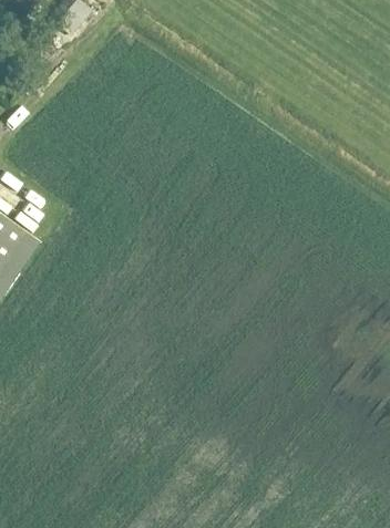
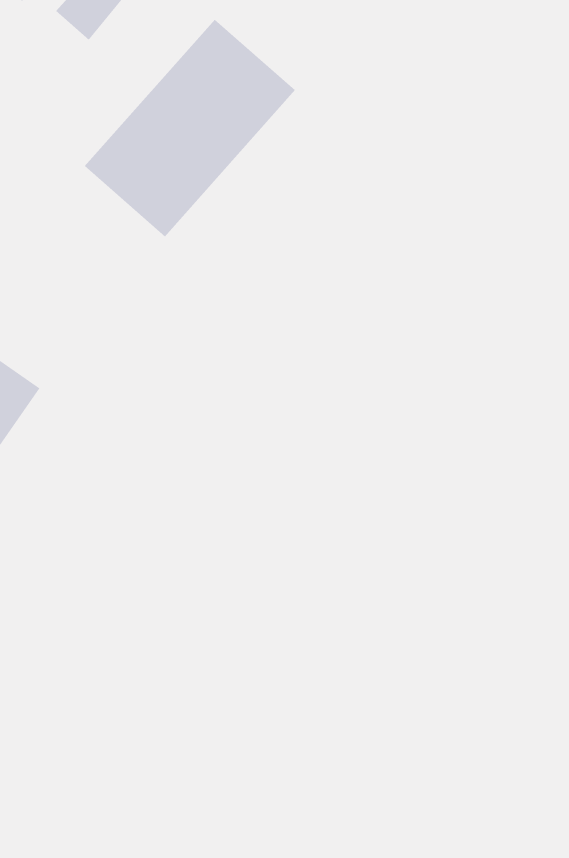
building: none -> [84,19,296,237]

